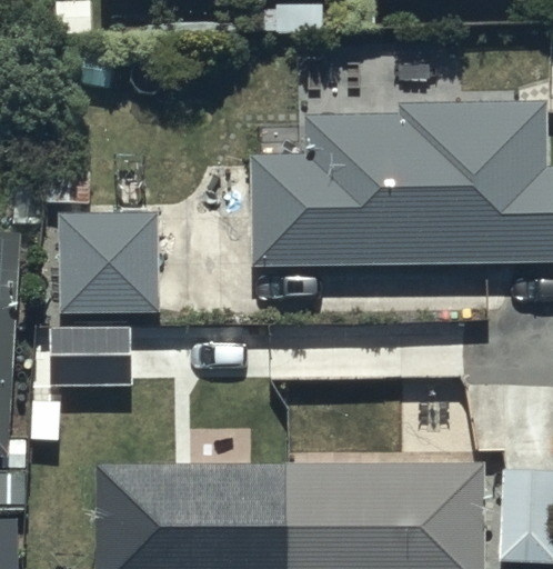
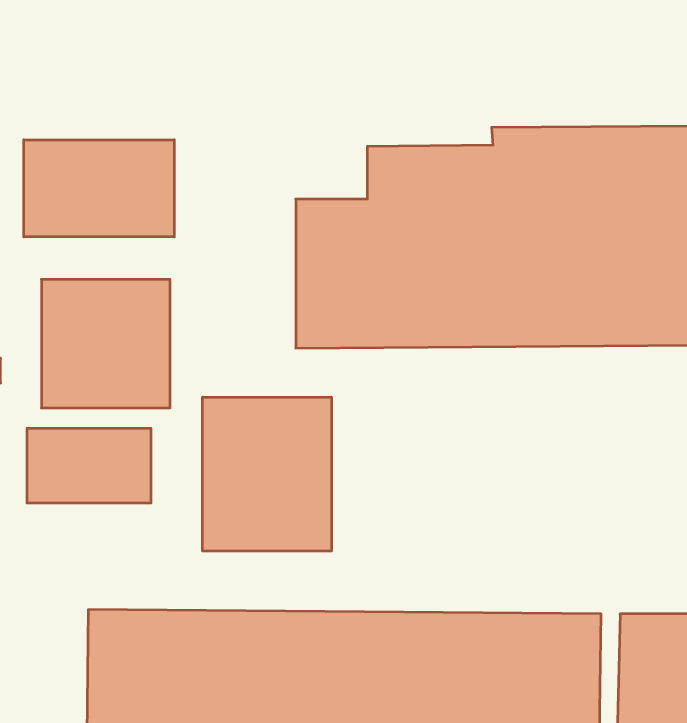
building: none -> [24,140,174,237]
building: none -> [203,397,331,551]

